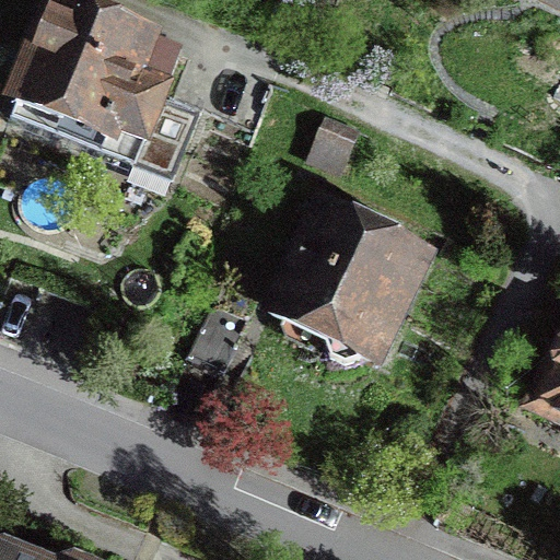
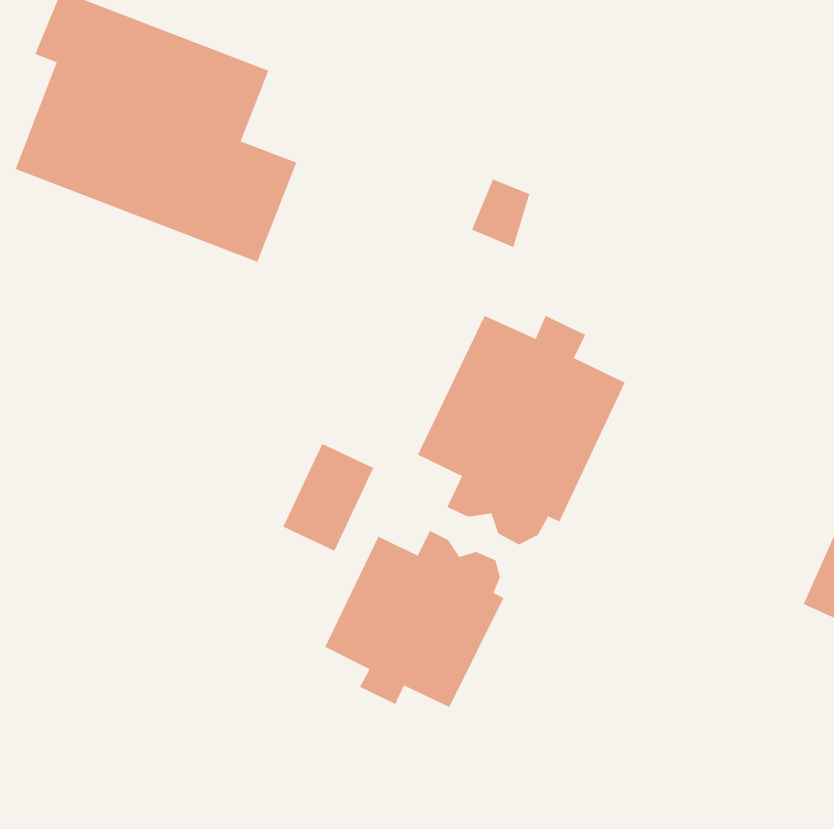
building: none -> [325,530,504,708]

